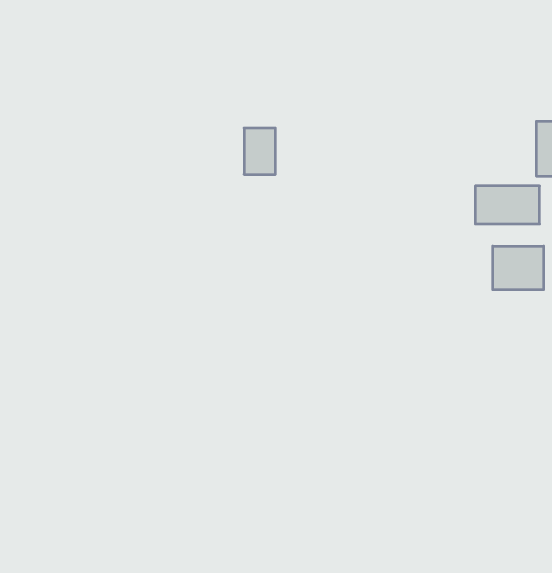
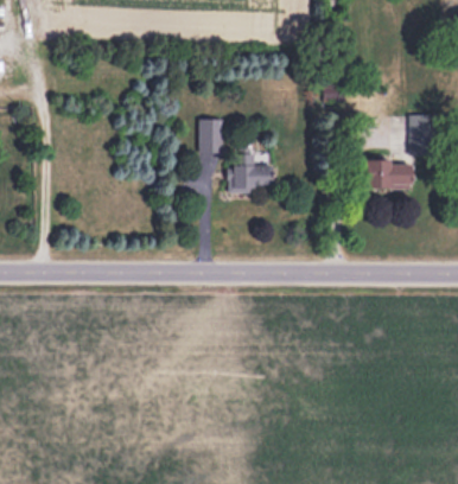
building: none -> [231,153,269,189]
building: [493,246,544,290] -> none

